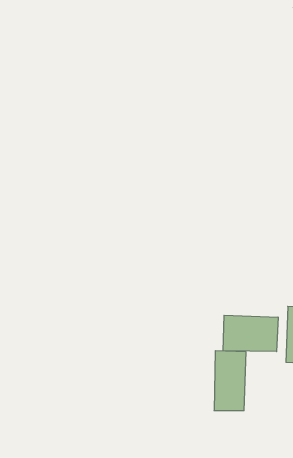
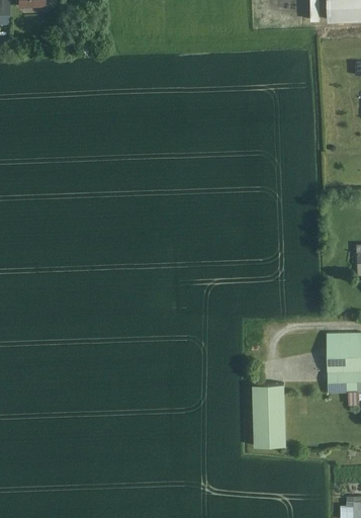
building: [223,315,278,352] -> none

